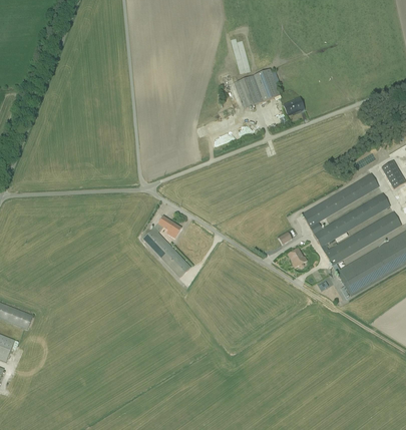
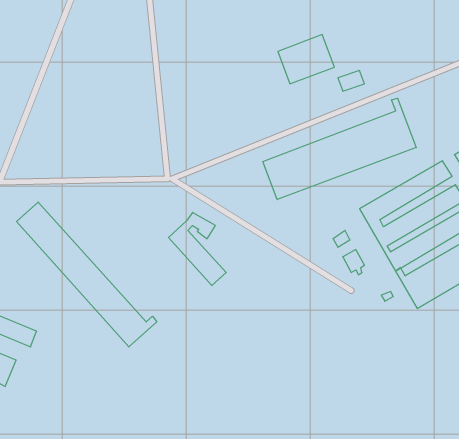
building: none -> [263,98,416,200]
building: none -> [17,202,157,347]

